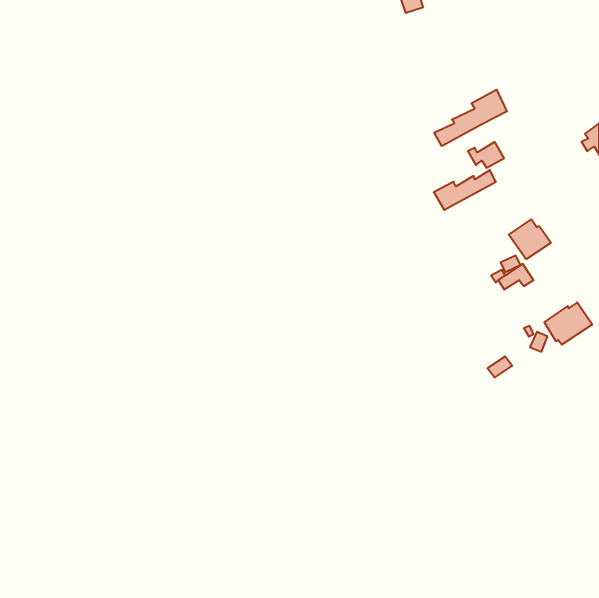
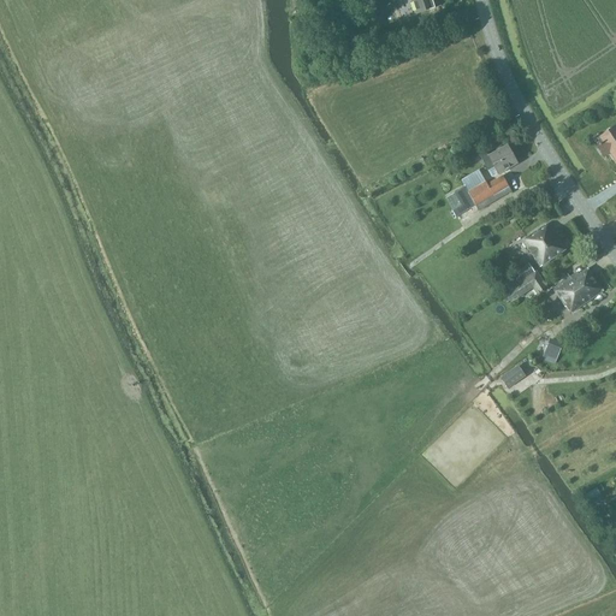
building: [434,90,507,146] -> none
building: [544,302,592,345] -> [553,268,603,312]

